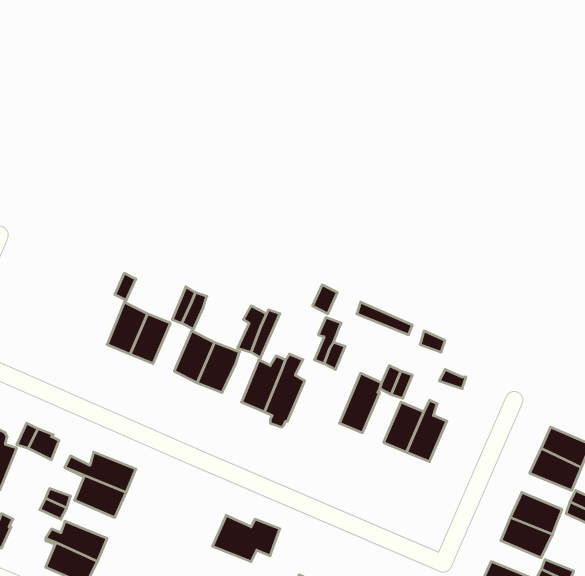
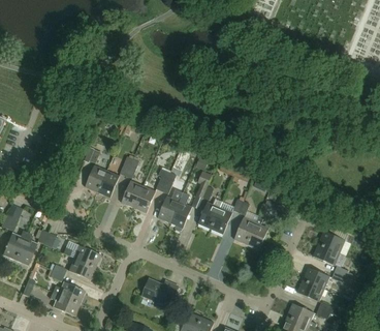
building: none -> [197,198,222,229]

